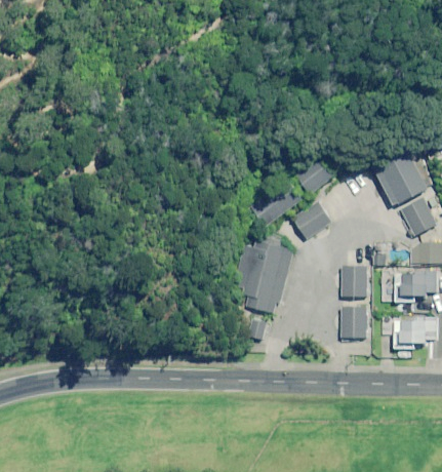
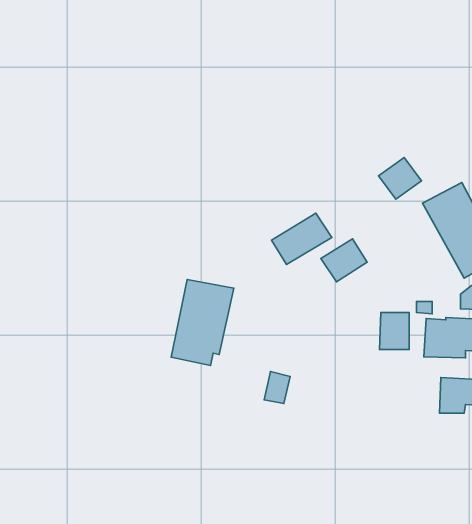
building: [297,159,333,194] -> [379,157,421,199]
building: [239,240,291,312] -> [171,280,234,366]
building: [341,305,366,337] -> none

